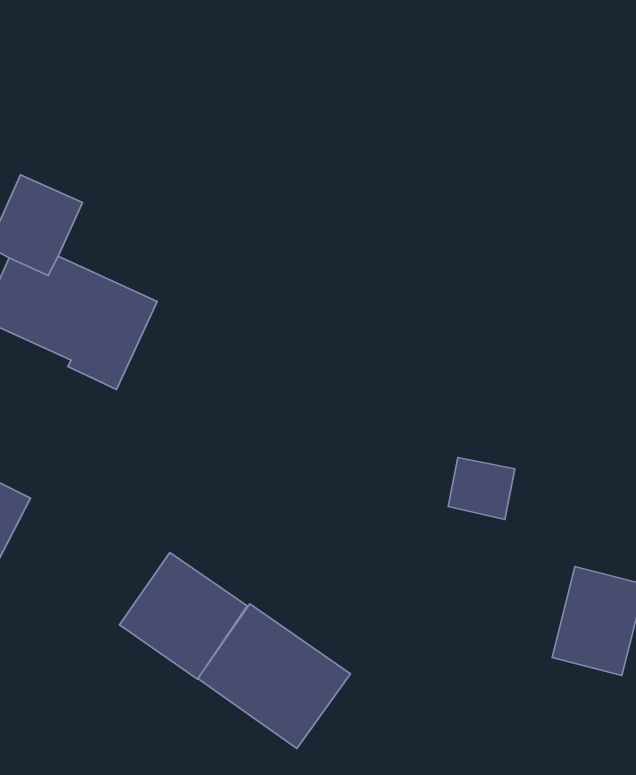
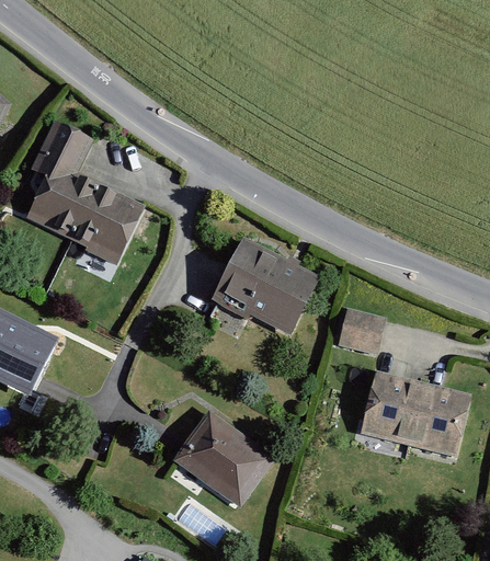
building: none -> [208,237,319,334]
building: none -> [361,373,425,445]
building: [119,553,247,679] -> none

